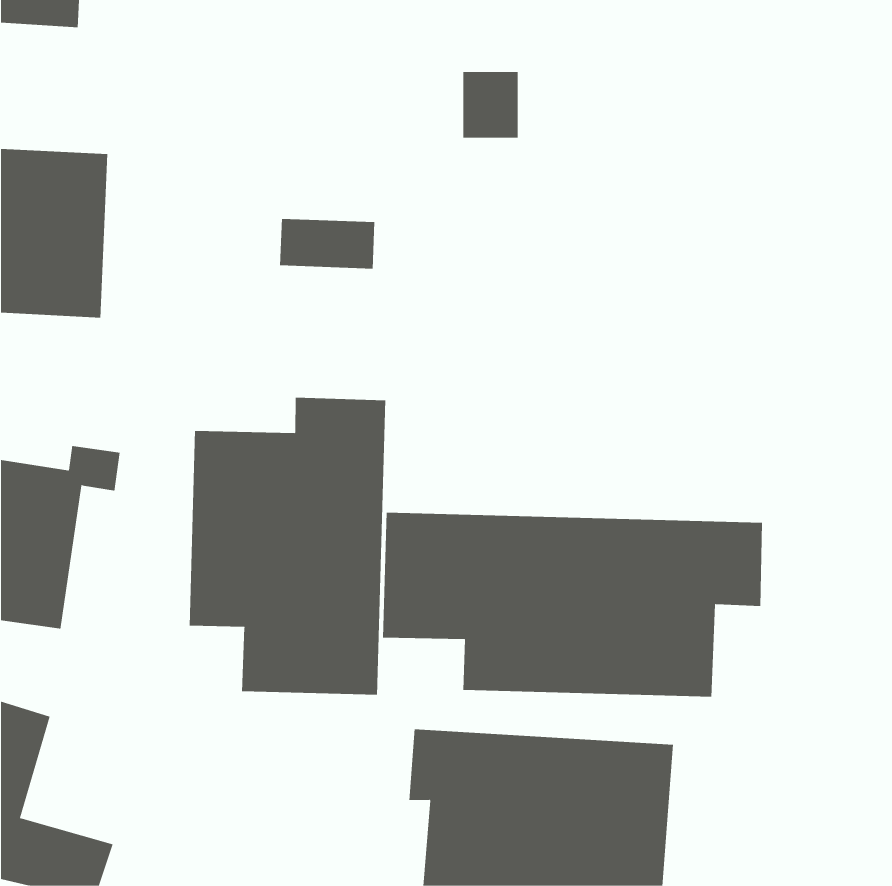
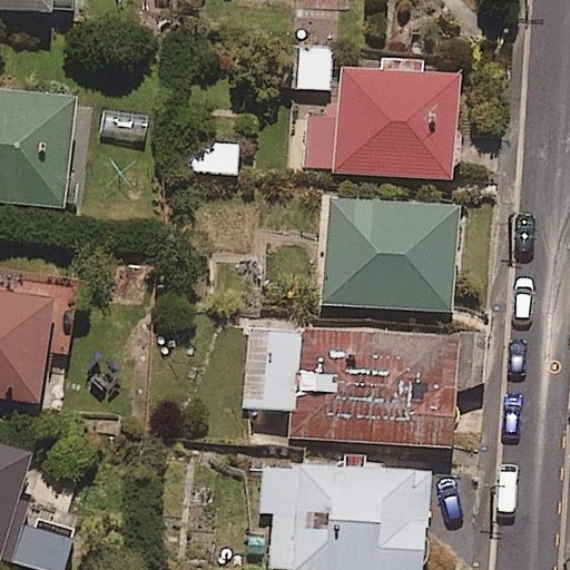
building: none -> [302,58,460,177]
building: none -> [322,200,460,312]
building: [189,397,386,696] -> none

